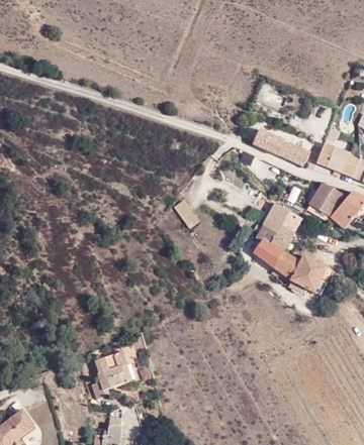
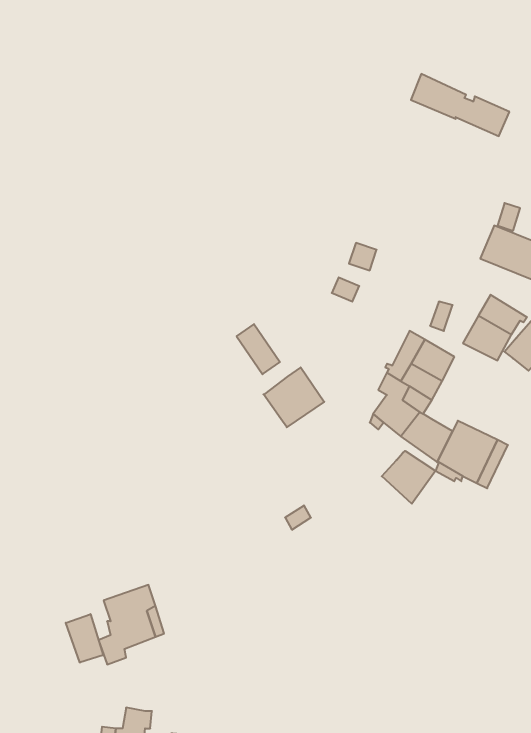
building: [253,128,310,164] -> [411,74,509,136]
building: none -> [263,367,324,427]
building: none -> [382,451,435,504]
building: none -> [66,614,103,663]

